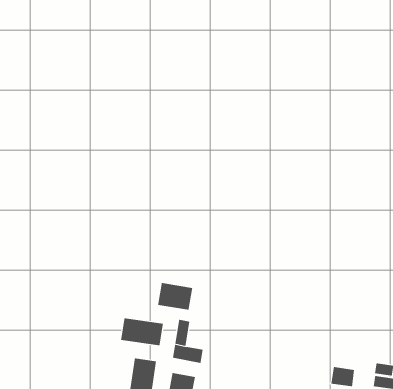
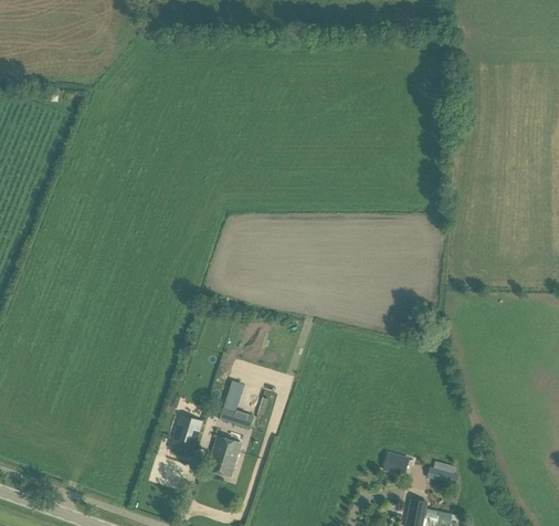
building: [158,282,193,311] -> none
building: [120,318,163,346] -> none

